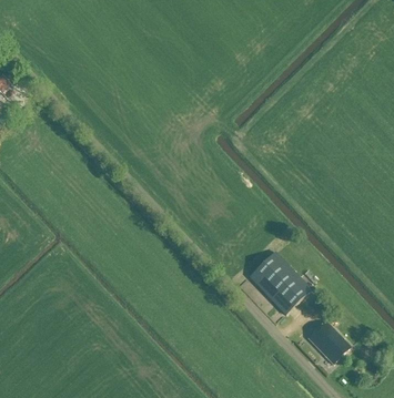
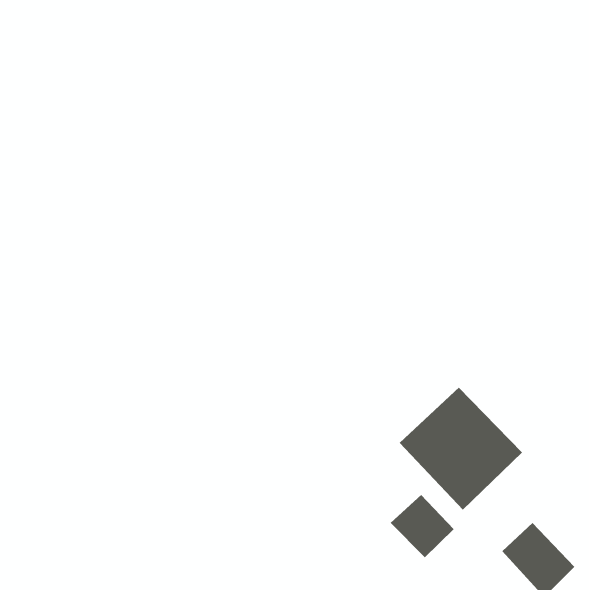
building: none -> [390,494,454,558]

